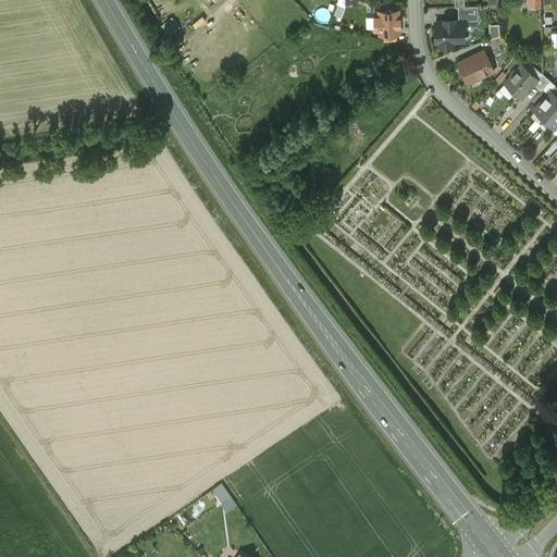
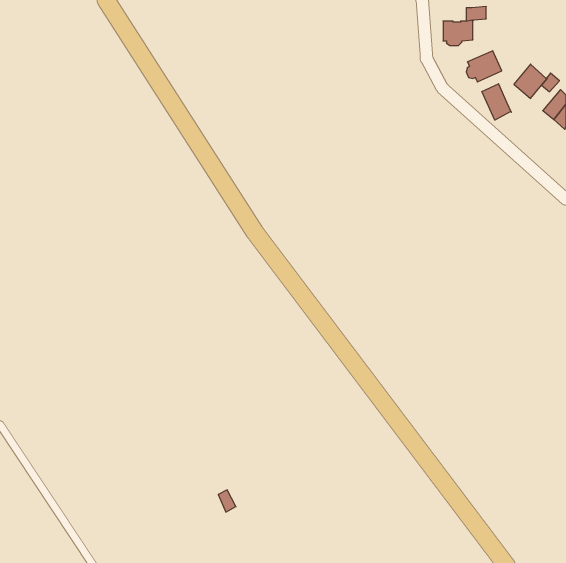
building: [375,9,401,37] -> none
building: none -> [482,84,511,120]

